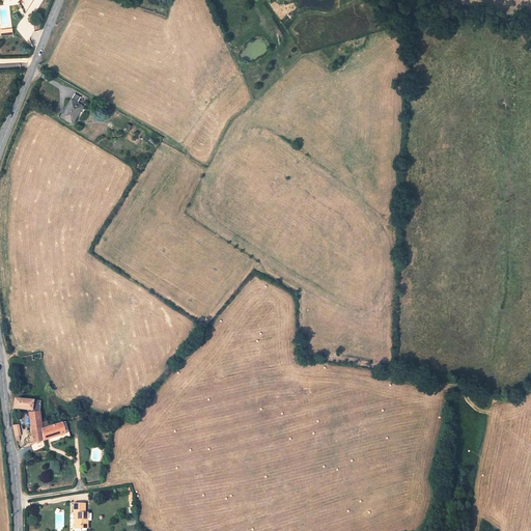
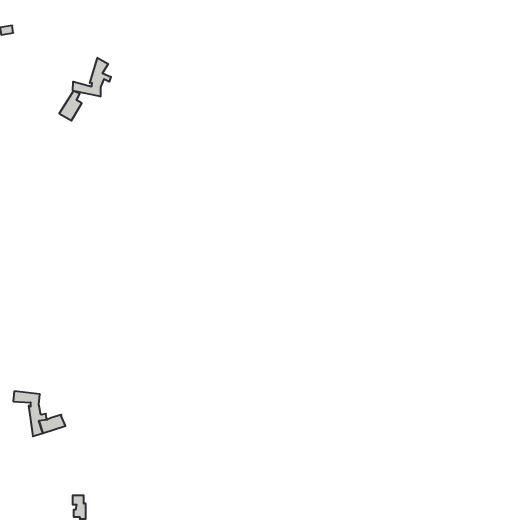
building: none -> [73,58,111,97]

